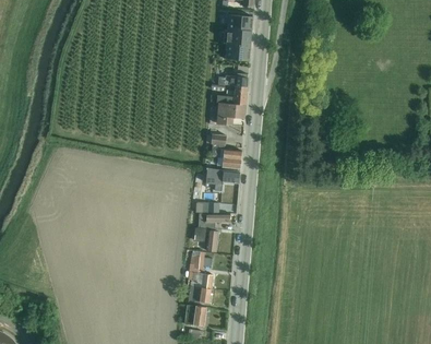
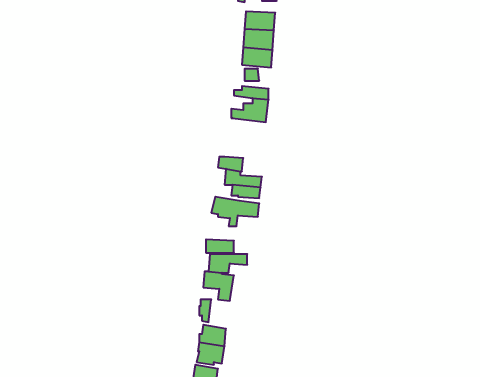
building: [217,102,246,124] -> none

